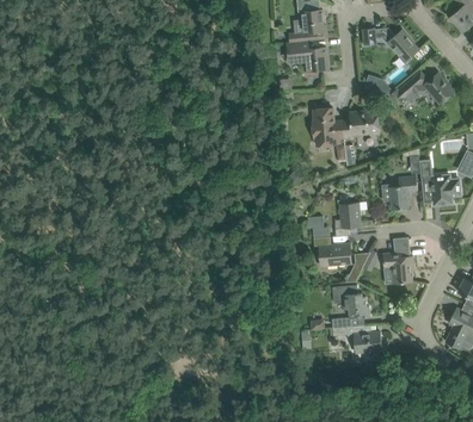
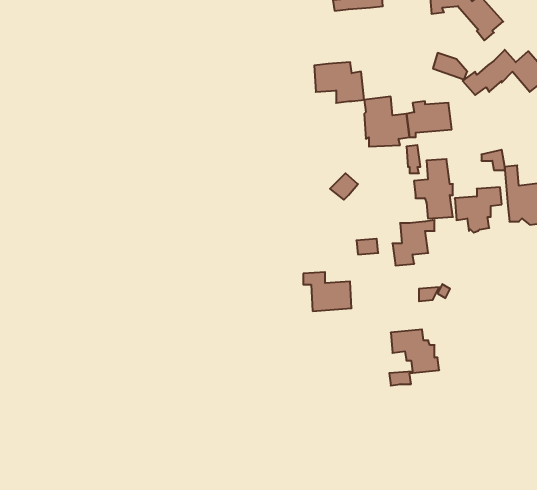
building: [290,39,328,70] -> [314,62,364,103]
building: [314,236,351,266] -> [303,272,352,311]
building: [383,237,413,283] -> [414,159,453,218]
building: [344,324,382,353] -> none

